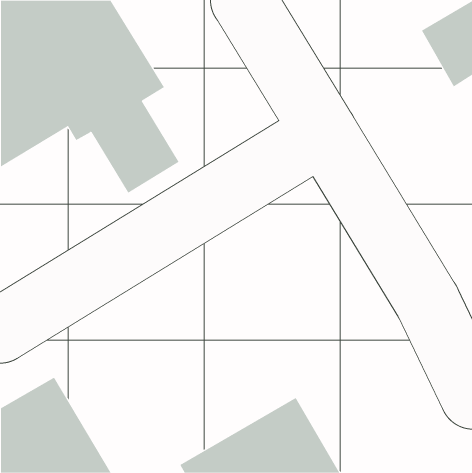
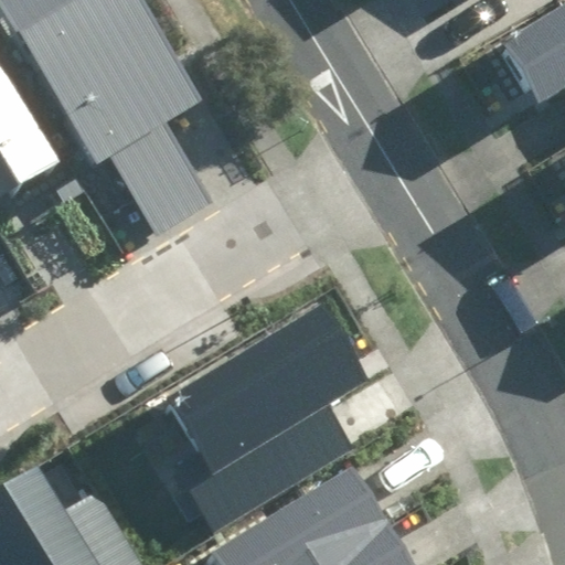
building: none -> [162,309,362,512]

